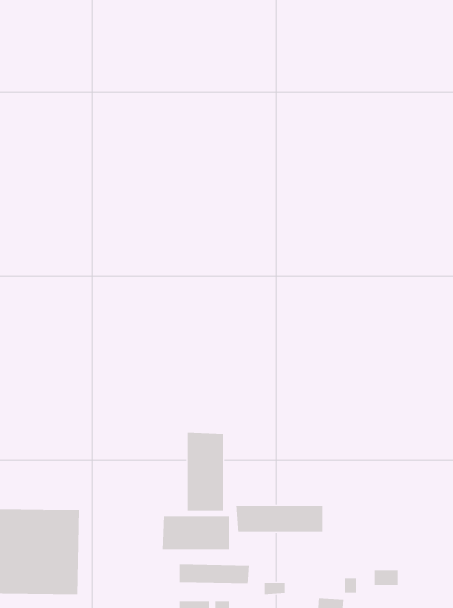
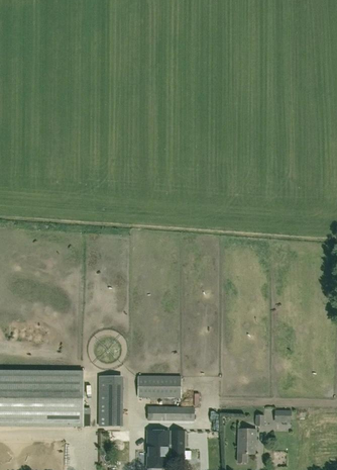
building: [187,432,224,511] -> [98,374,122,426]
building: [236,505,323,533] -> none

